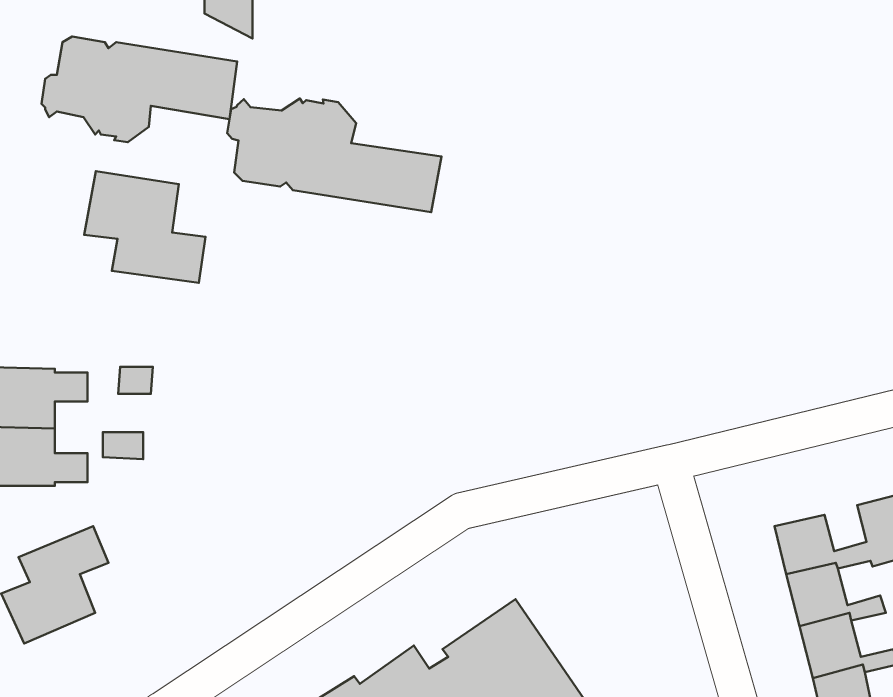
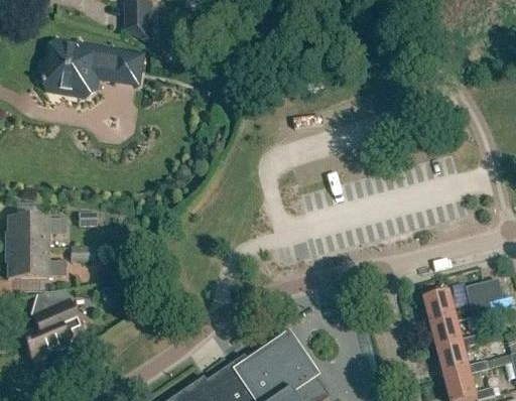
building: [227,98,442,212] -> none
building: [84,171,206,283] -> none

